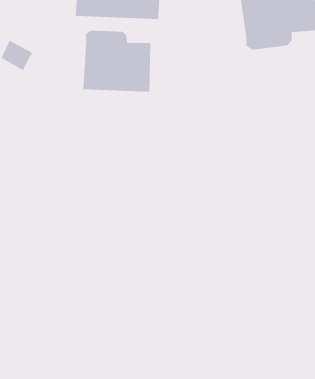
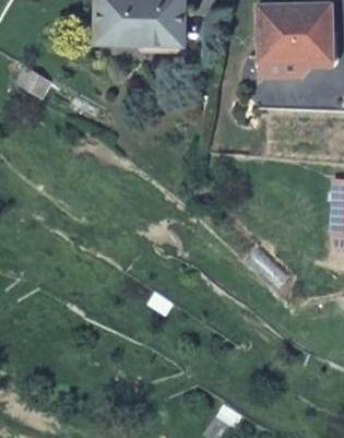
building: [83,30,151,93] -> none

